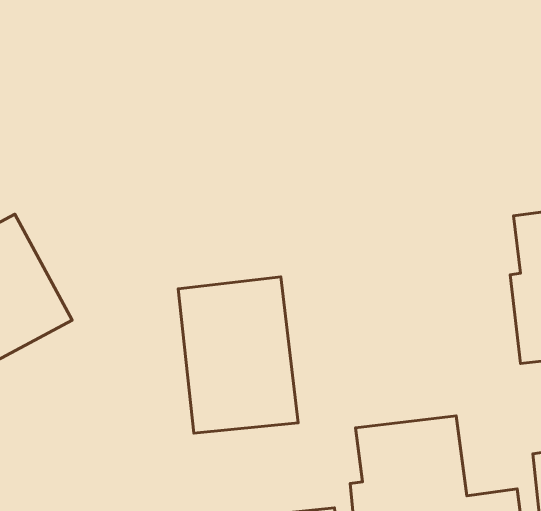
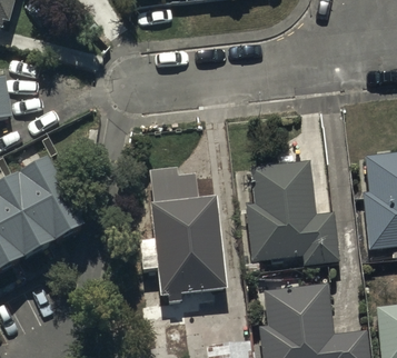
building: none -> [246,160,340,265]

